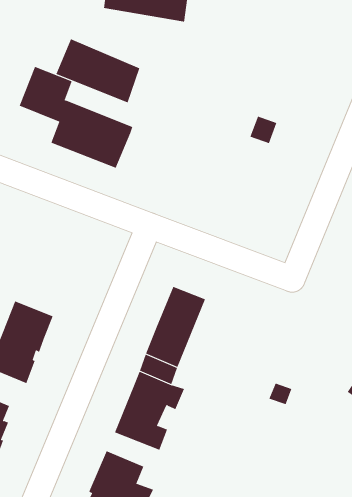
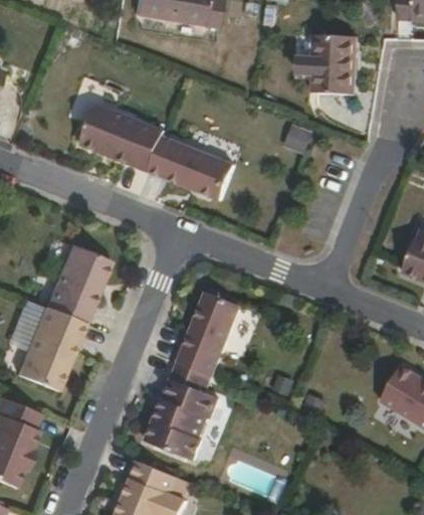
building: none -> [297,37,355,96]
building: [56,38,140,103] -> [149,137,234,202]
building: none -> [47,245,112,322]

